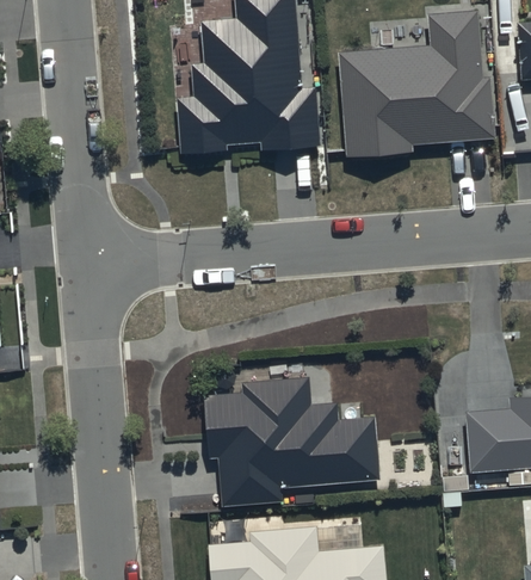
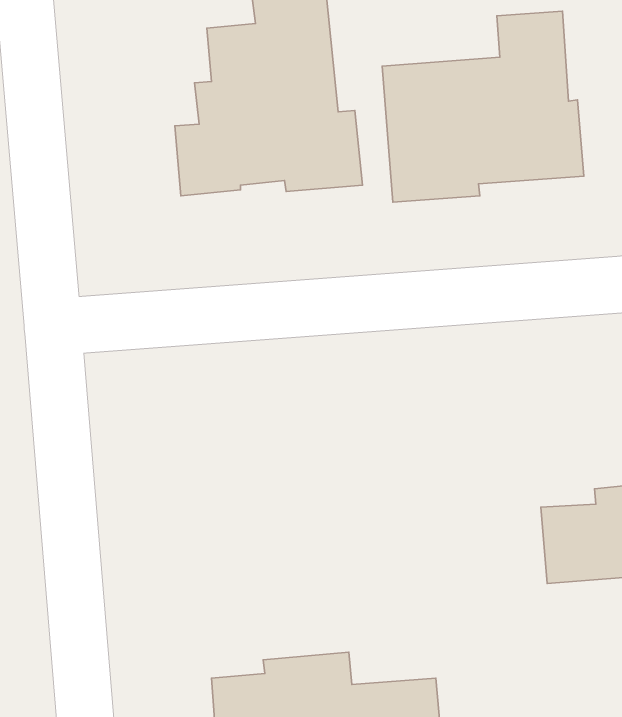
building: [202,369,375,498] -> none

